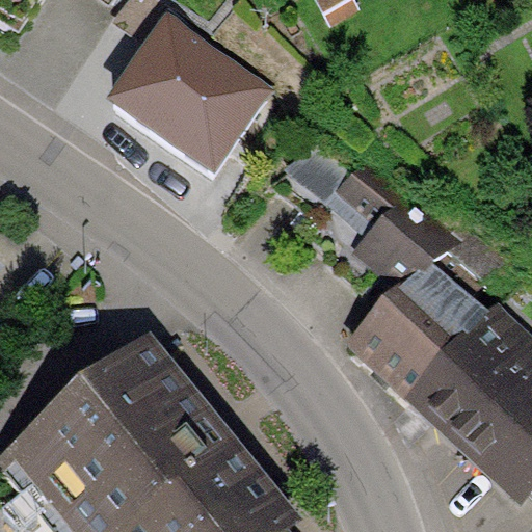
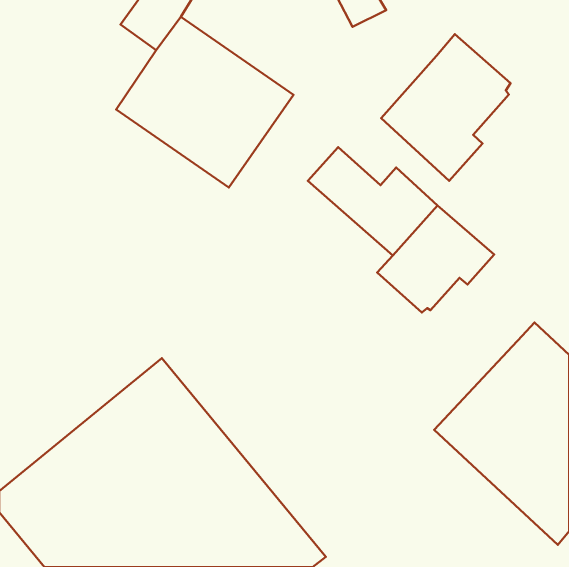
building: none -> [381,34,510,181]
building: [344,259,486,400] -> none

